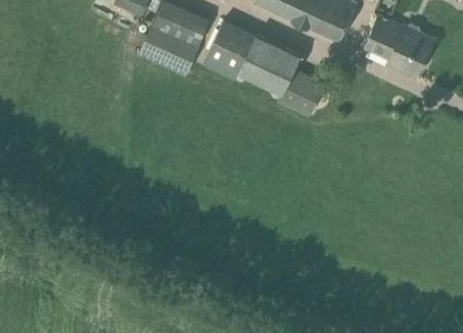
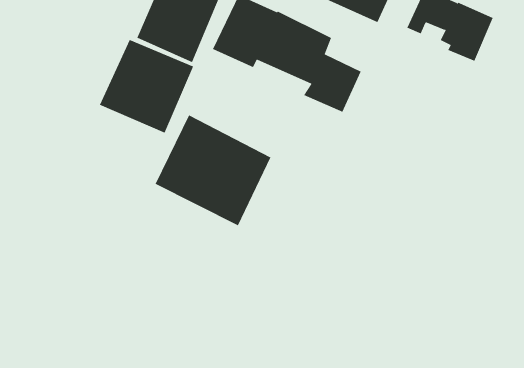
building: none -> [99,39,194,133]
building: none -> [155,115,271,226]

